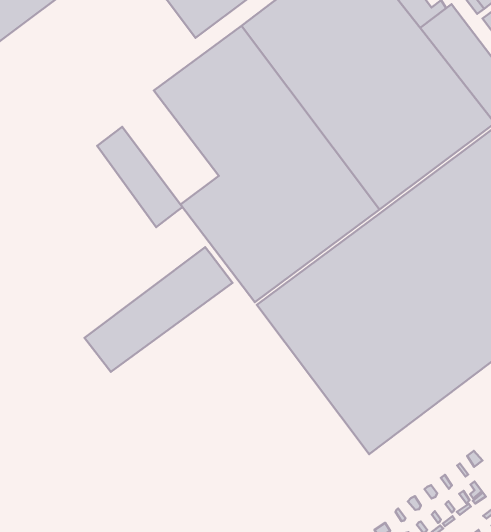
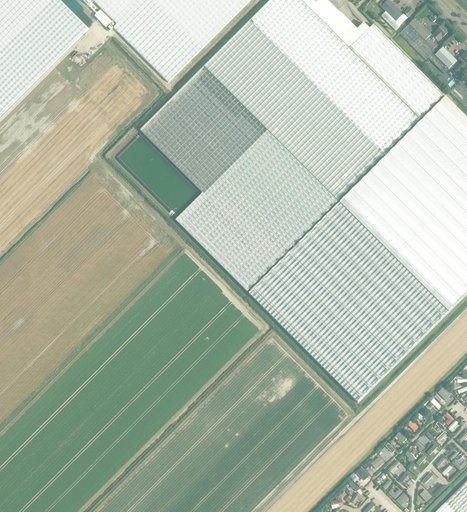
building: [97,127,182,227] -> none
building: [85,247,233,372] -> none

